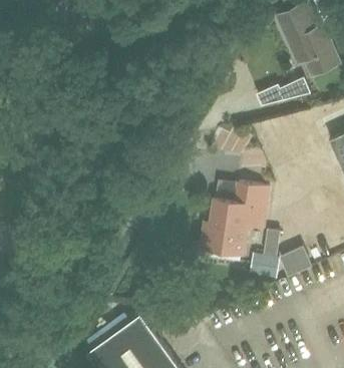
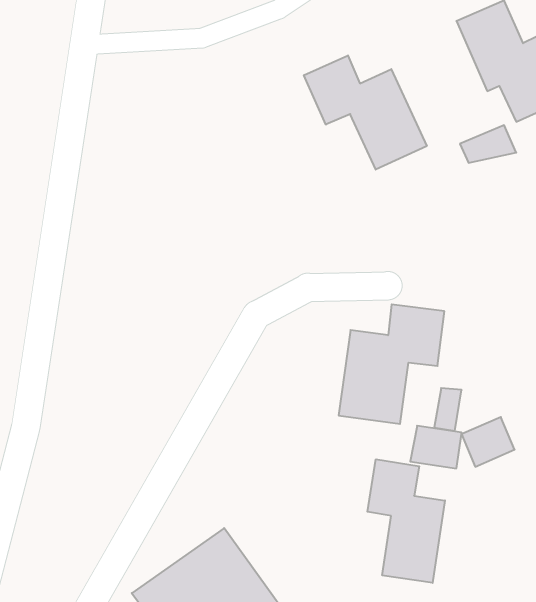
building: none -> [304,55,427,170]
building: none -> [367,459,445,583]

